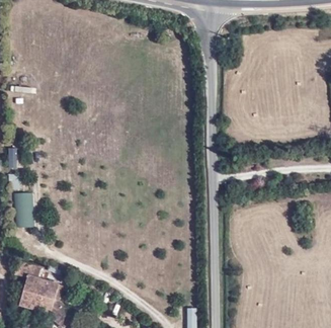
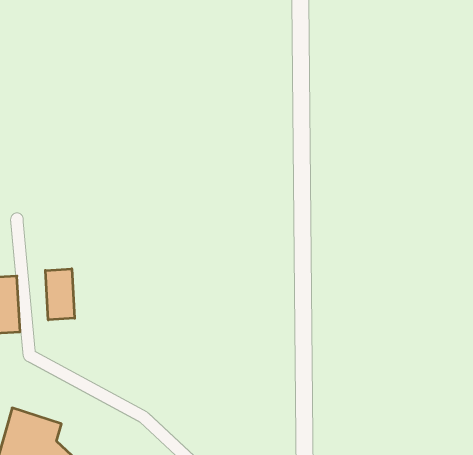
building: none -> [45,269,75,320]

